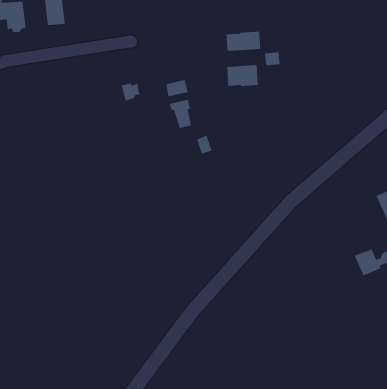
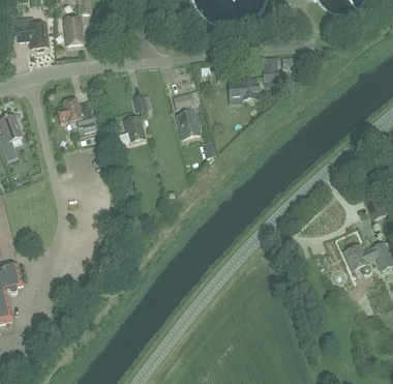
building: [226,31,261,51] -> none
building: none -> [57,98,95,130]
building: none -> [123,115,145,145]

